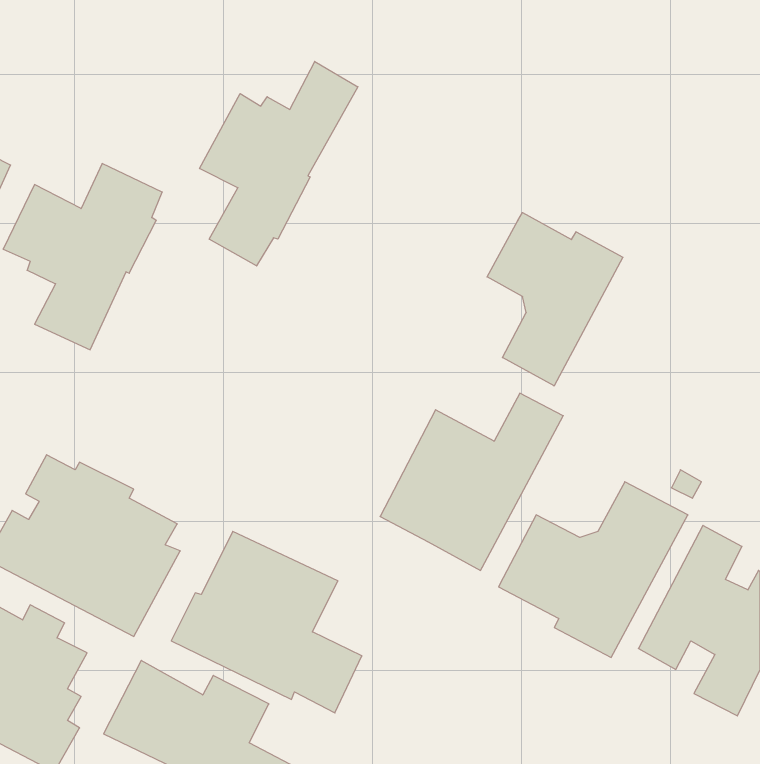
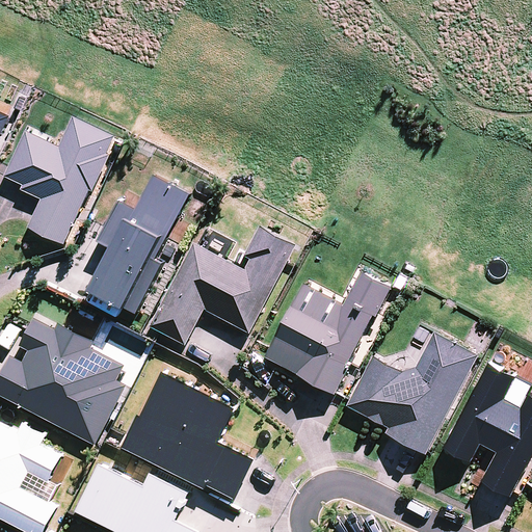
building: [200,61,358,266] -> none
building: [487,213,623,386] -> none
building: none -> [88,174,187,312]
building: none -> [148,229,294,348]

